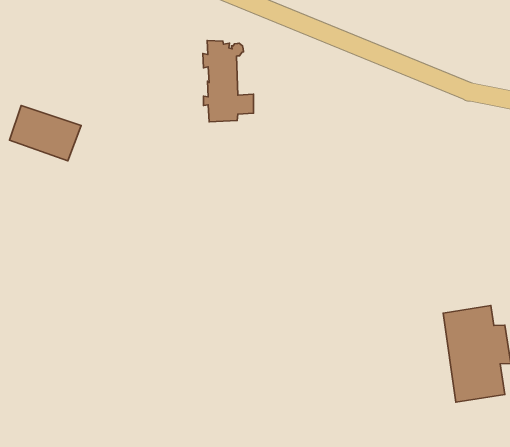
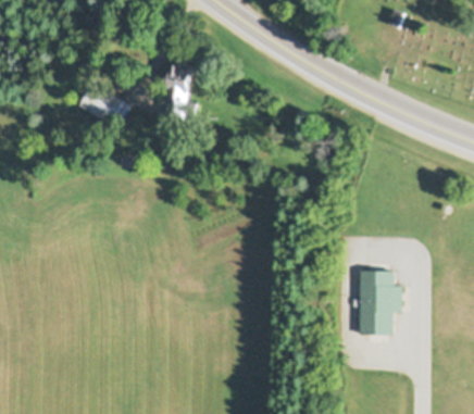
building: [203,40,254,122] -> [161,60,197,118]

